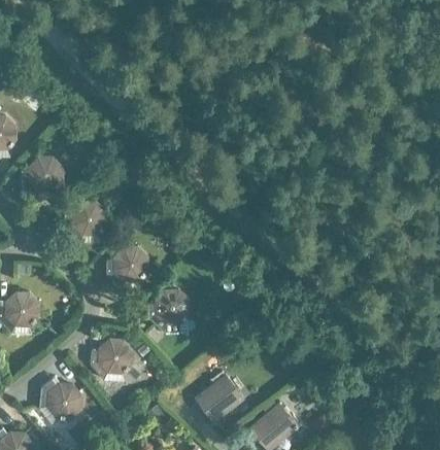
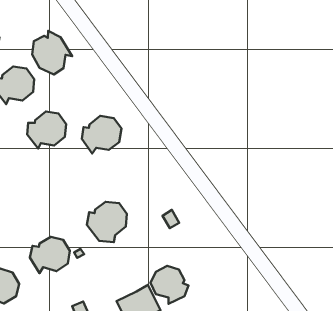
building: none -> [32,31,72,75]
building: [106,245,148,288] -> [82,116,121,154]
building: none -> [151,266,189,304]

